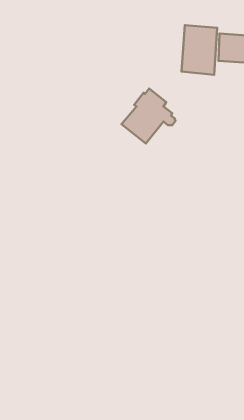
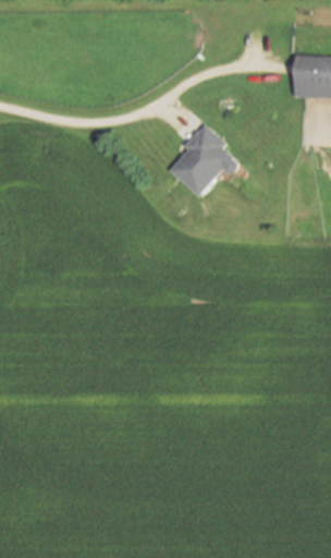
building: [182,25,217,75] -> none

